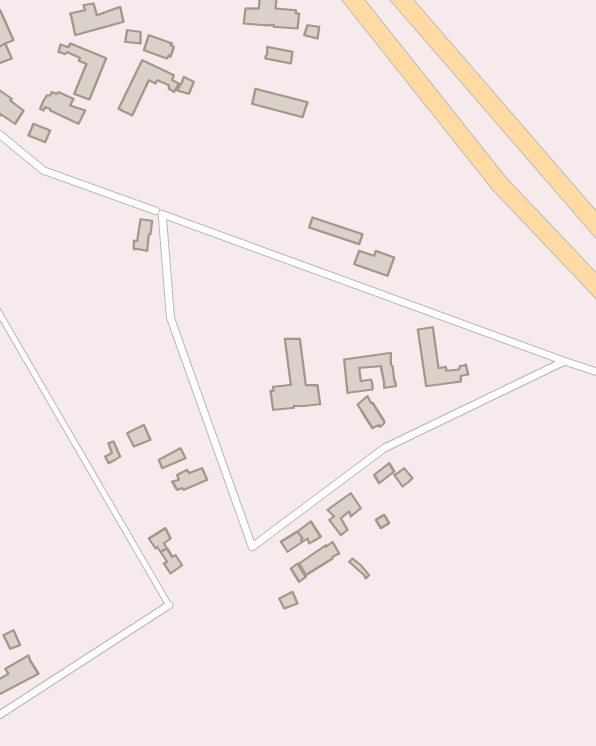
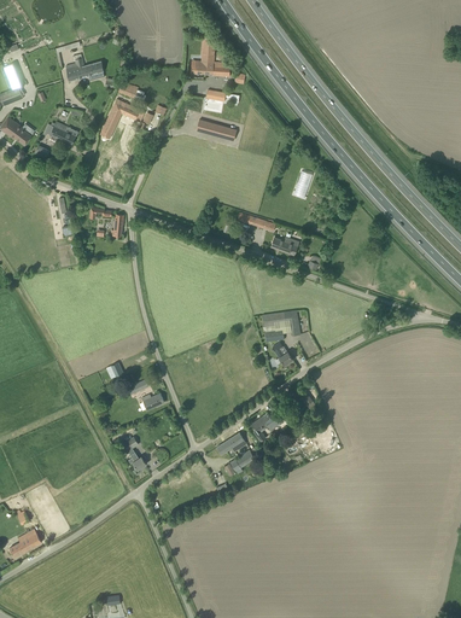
building: [58,44,106,100] -> none
building: [418,327,468,386] -> none
building: [271,339,320,410] -> none

